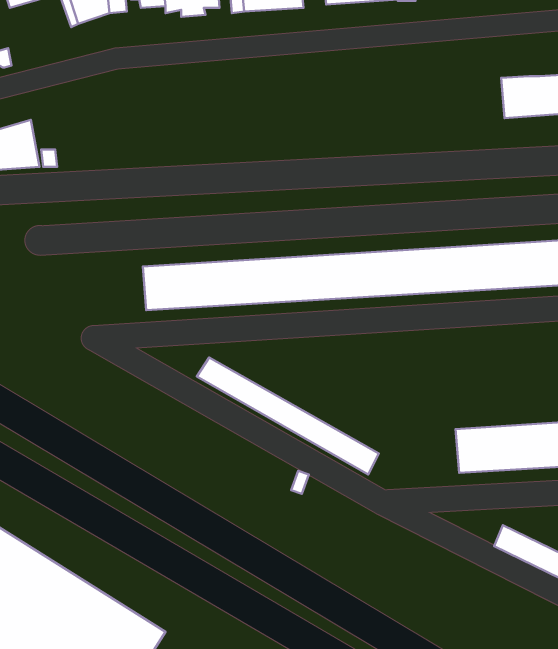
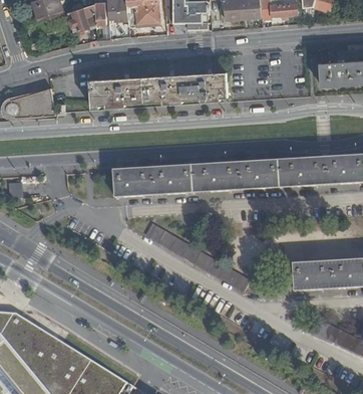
building: none -> [89,71,227,107]

